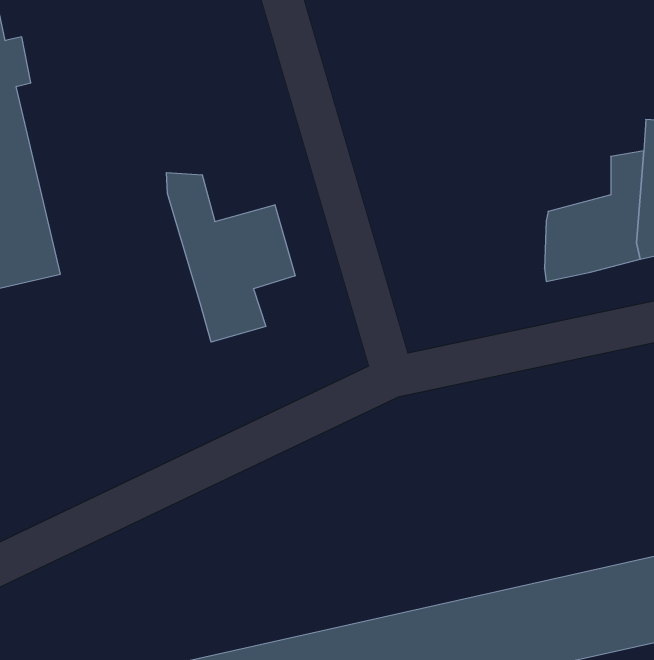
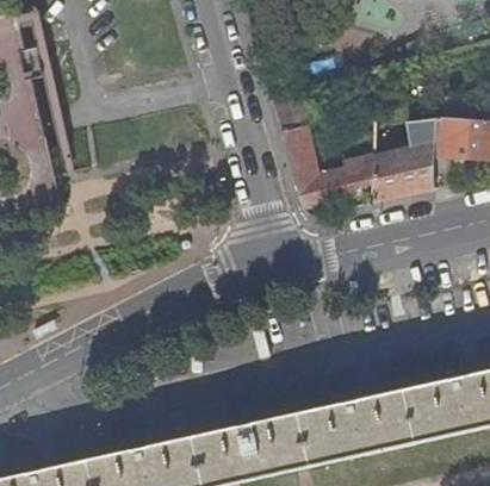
building: none -> [267,91,371,208]
building: [167,173,295,342] -> none

